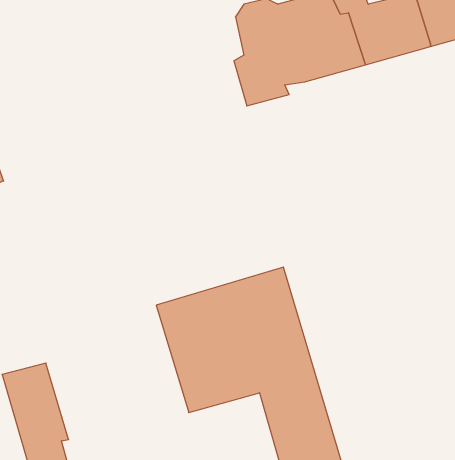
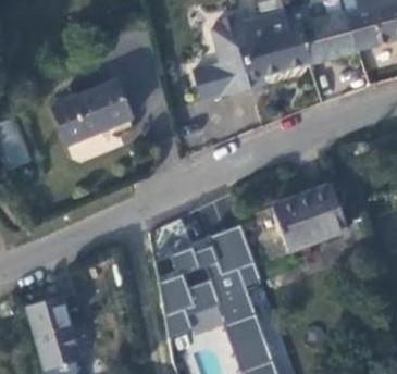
building: none -> [50,83,132,146]
building: none -> [271,183,347,249]

